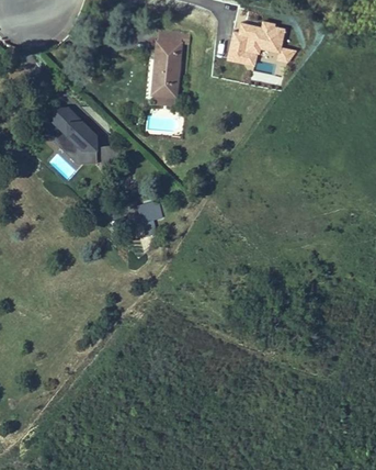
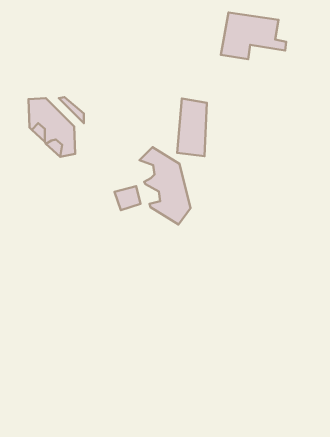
building: [150,41,180,99] -> [177,99,207,156]
building: none -> [140,147,191,225]

